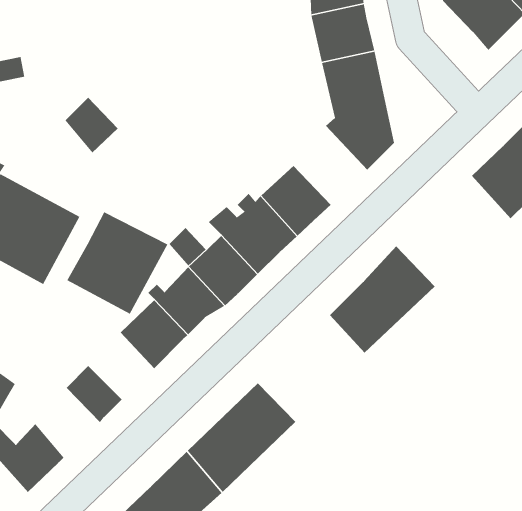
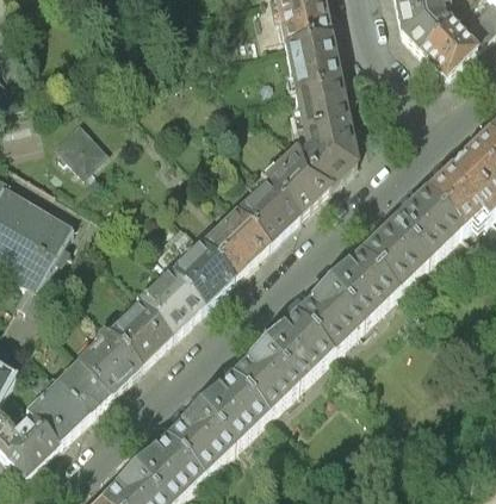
building: none -> [258,142,334,213]
building: none -> [360,187,464,287]
building: [66,211,169,315] -> none
building: none -> [235,313,331,410]
building: none -> [81,329,141,390]
building: none -> [33,373,92,442]

